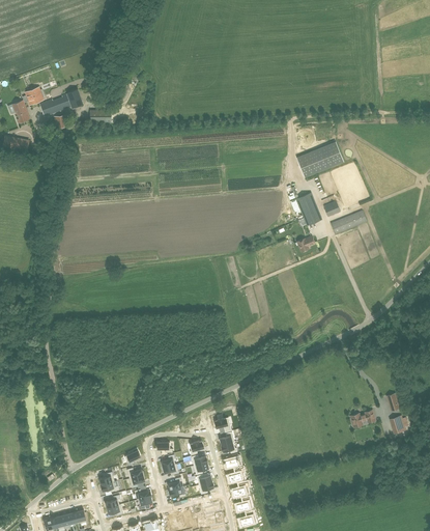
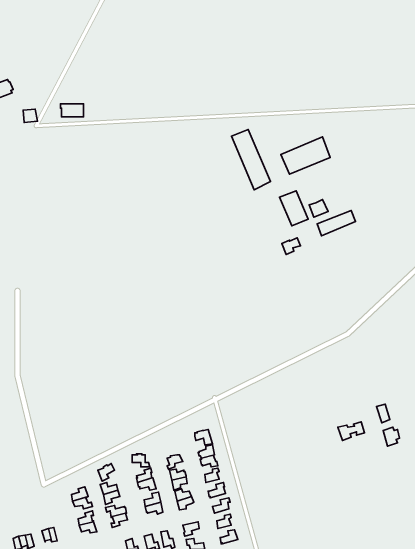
building: [40,89,83,116] -> none
building: none -> [231,130,270,190]

